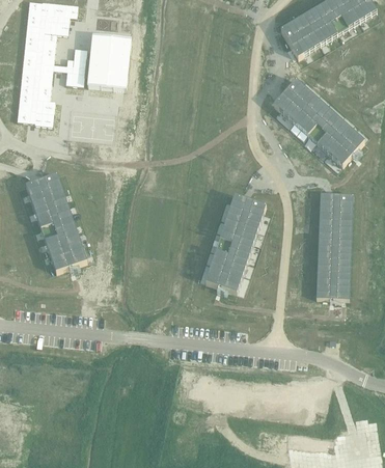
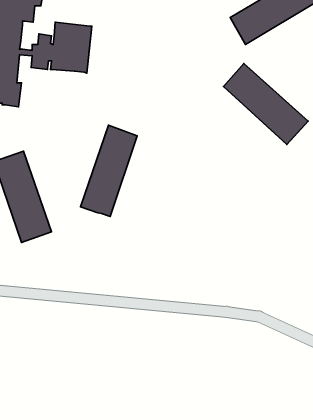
building: [315,192,353,298] -> none
building: [204,193,266,292] -> [80,125,137,217]

